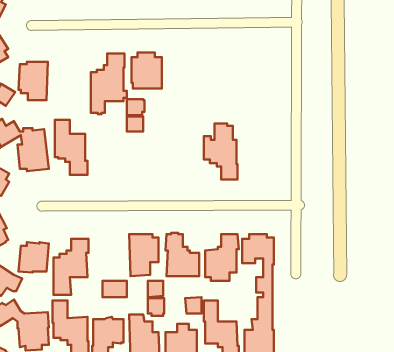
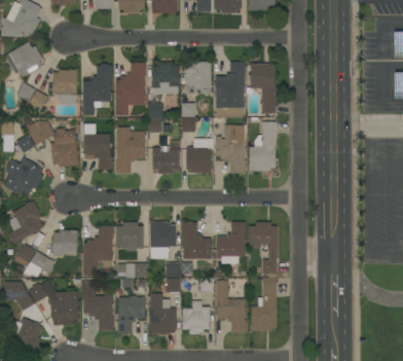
building: none -> [184,62,211,94]
building: none -> [215,62,245,117]
building: none -> [82,64,111,115]
building: none -> [250,64,276,113]
building: none -> [181,103,199,132]
building: none -> [248,121,276,172]
building: none -> [115,128,144,174]
building: none -> [185,139,213,174]
building: none -> [151,146,179,174]
building: none -> [115,222,143,252]

